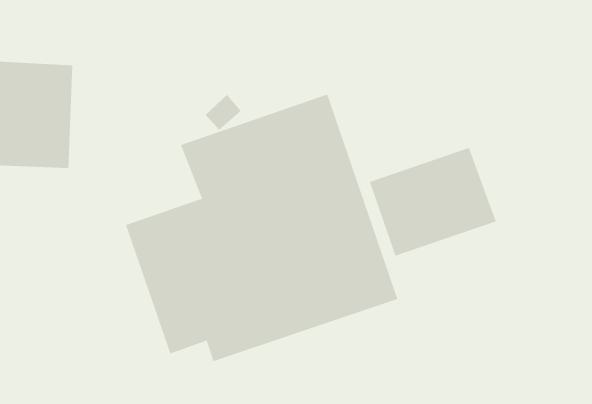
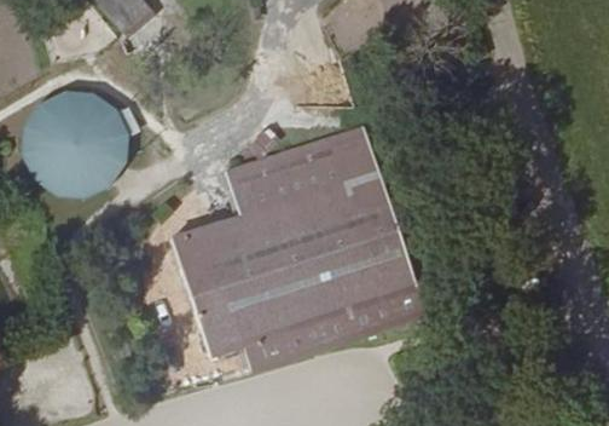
building: [369,147,496,257] -> none

